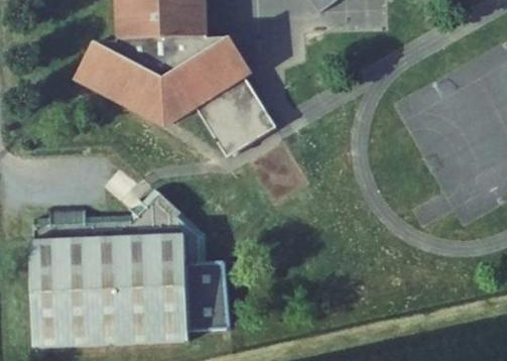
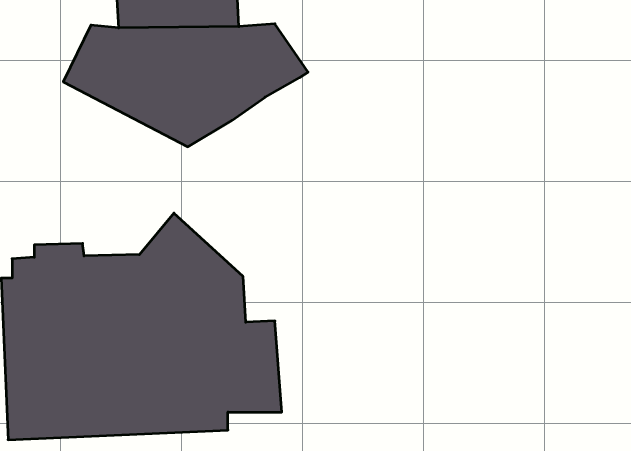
building: [199,82,276,160] -> none

